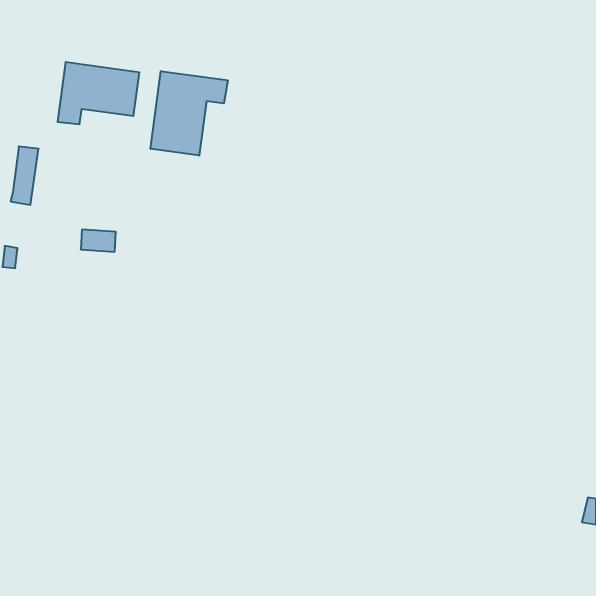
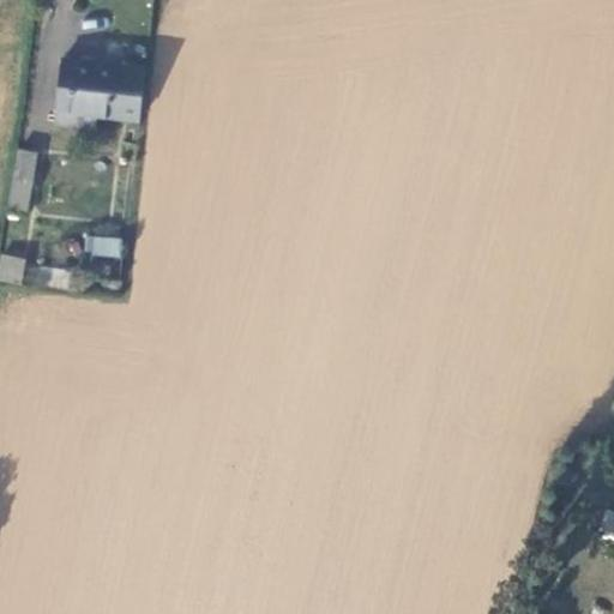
building: [151,71,228,156] -> none

